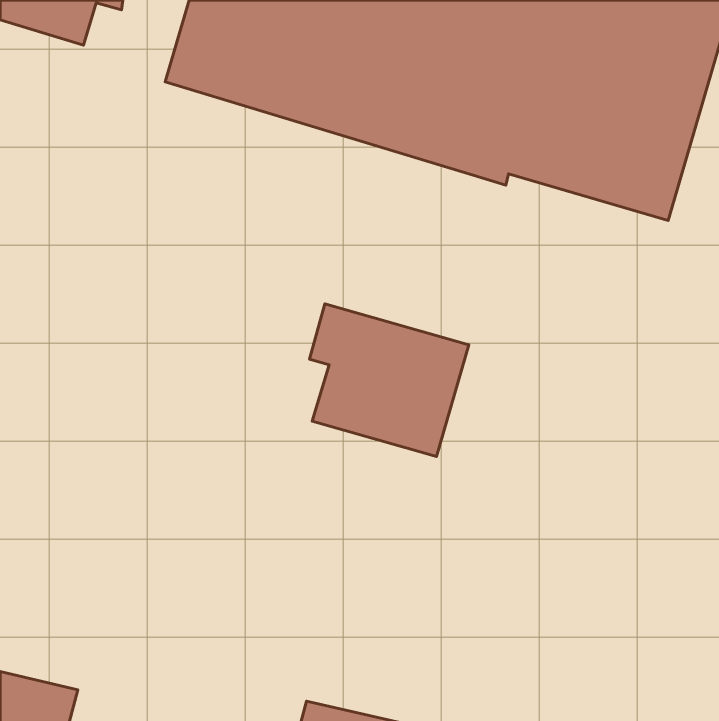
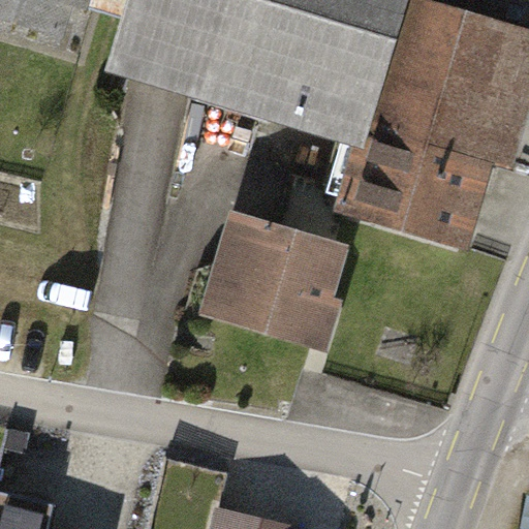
building: none -> [331,128,491,247]

